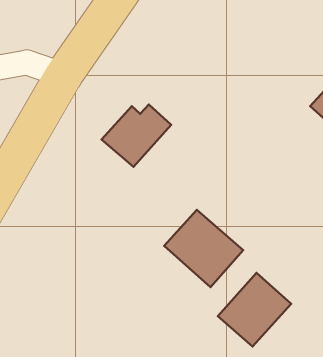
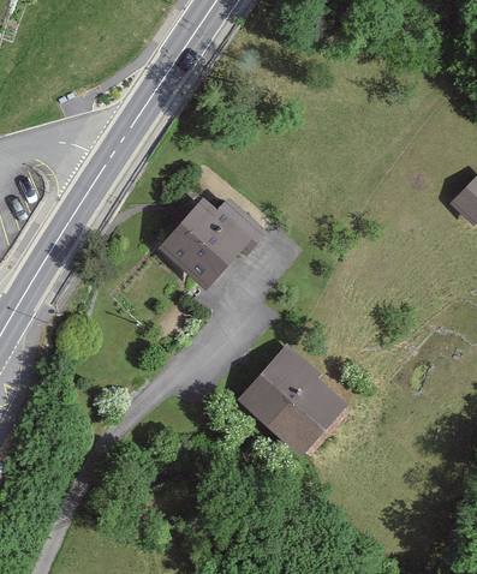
building: [218,273,291,347] -> none

